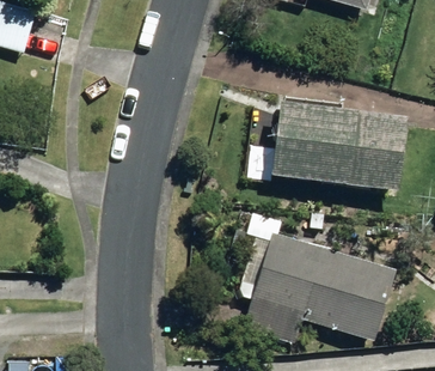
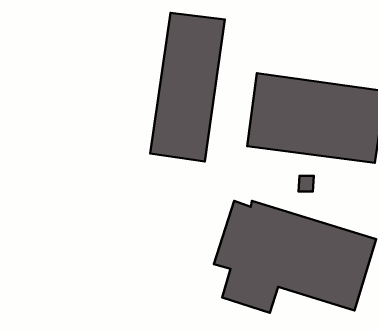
building: none -> [150,13,225,162]

